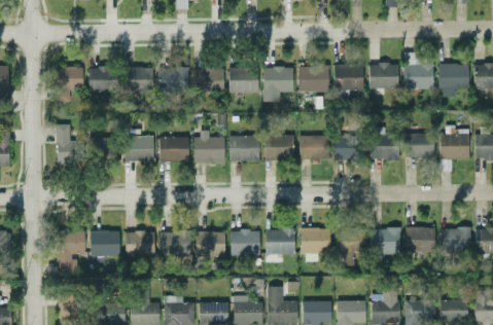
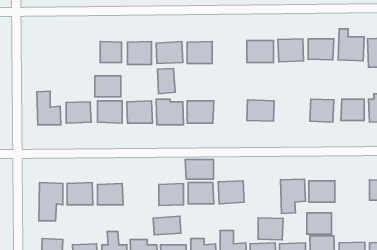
building: [57,67,82,101] -> none
building: [87,67,117,92] -> [95,76,121,97]
building: [262,67,292,102] -> none
building: none -> [157,69,175,94]
building: [338,134,360,160] -> none
building: [263,135,293,160] -> none
building: none -> [185,160,214,179]
building: [301,227,329,253] -> [258,218,283,240]
building: [406,227,434,252] -> [307,213,332,234]
building: [159,230,190,252] -> [153,216,181,235]

